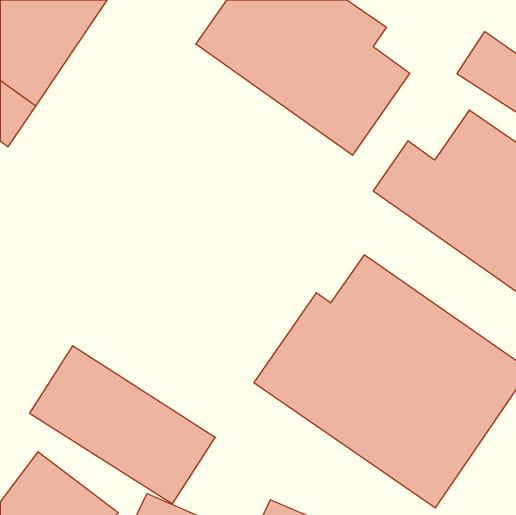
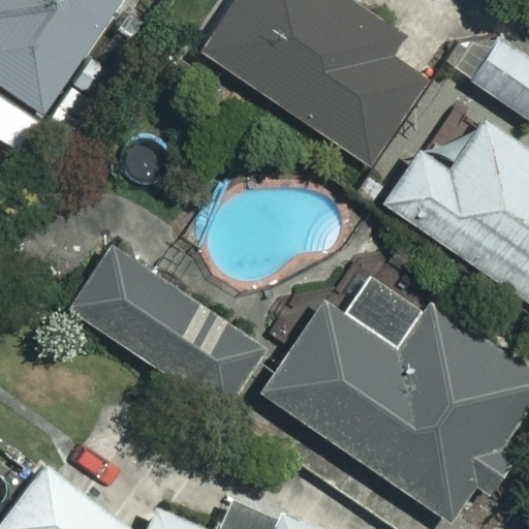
building: [30,346,215,504] -> [72,247,260,407]

